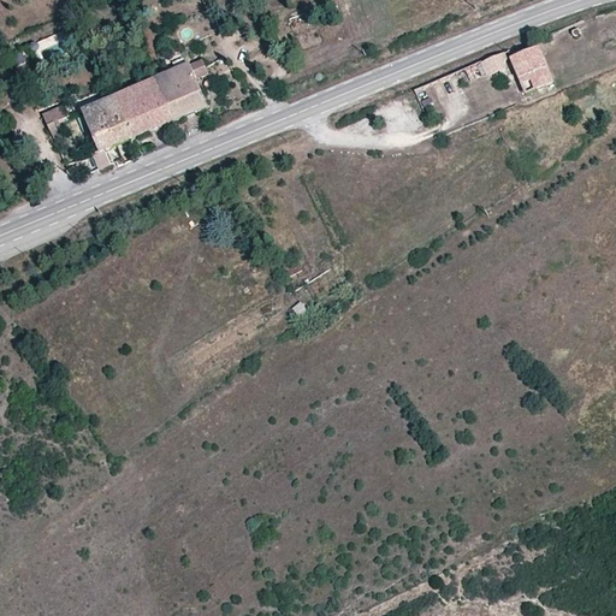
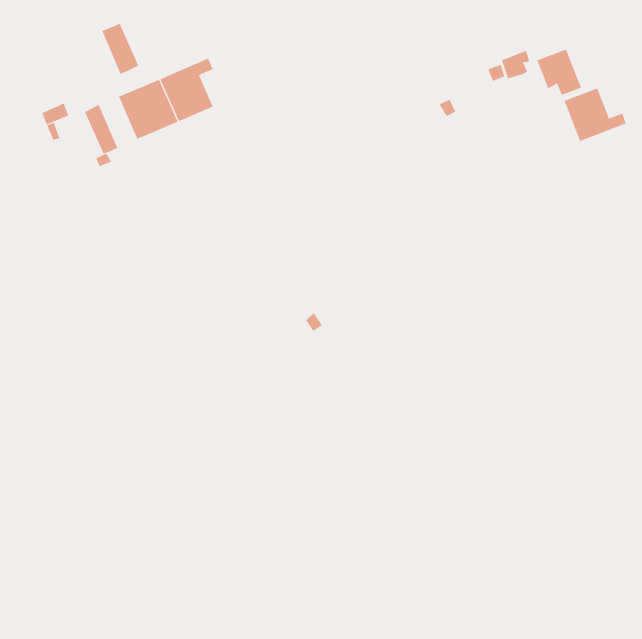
building: none -> [564,87,627,142]
building: [95,93,131,142] -> [101,23,139,75]

